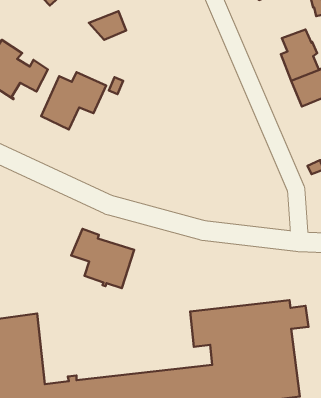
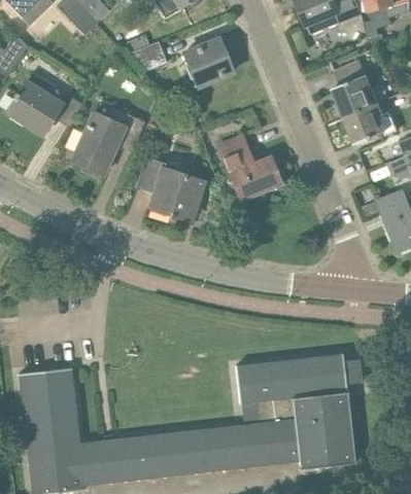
building: none -> [181,38,236,86]
building: none -> [218,136,280,200]
building: [71,229,134,288] -> [135,156,203,220]

